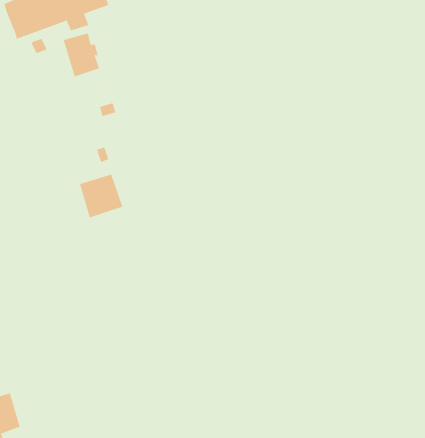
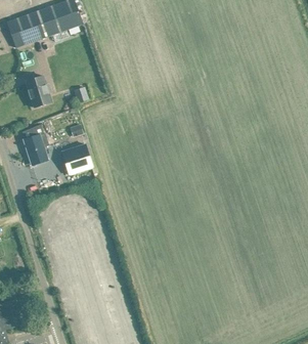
building: [63,33,100,77] -> [24,76,50,107]
building: none -> [20,124,47,165]

